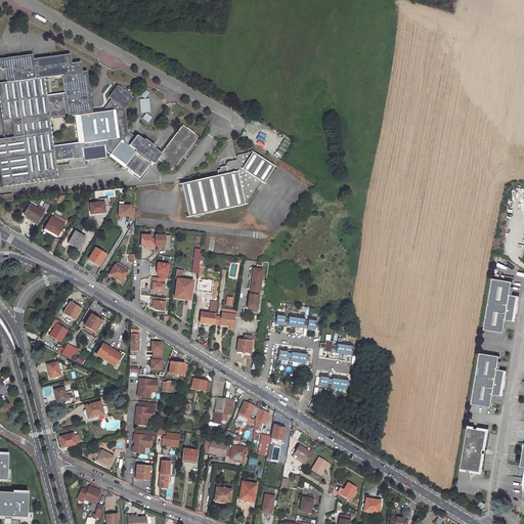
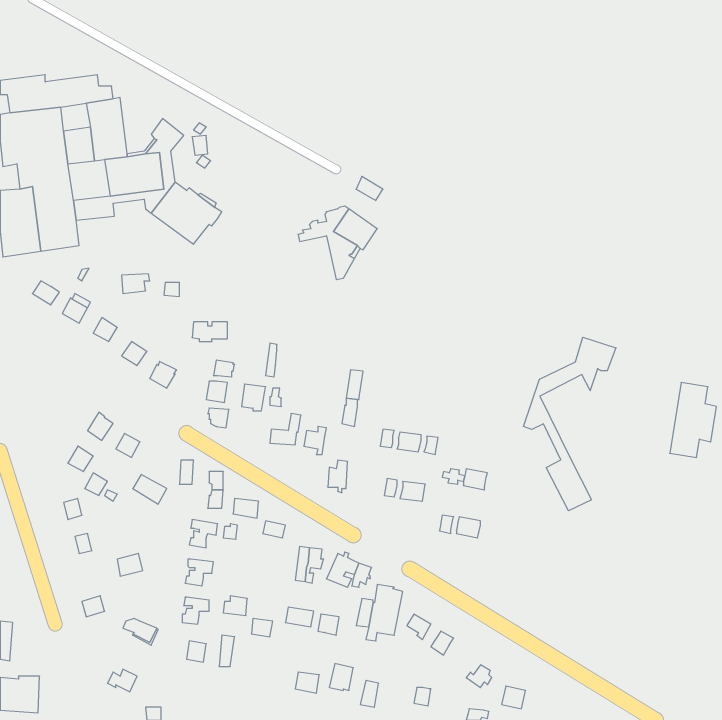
building: [158,125,199,170] -> none
building: [180,171,244,217] -> none
building: none -> [523,337,616,511]
building: [472,352,506,407] -> none
building: [462,427,487,472] -> none

